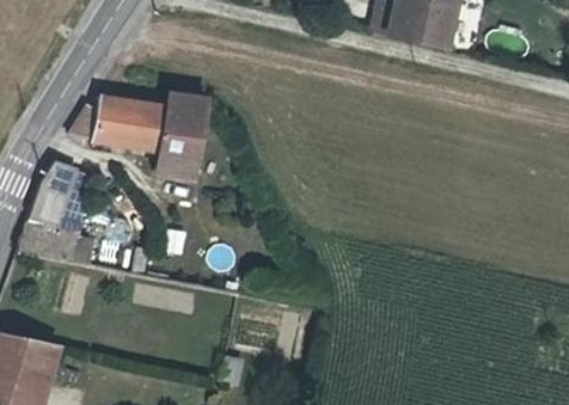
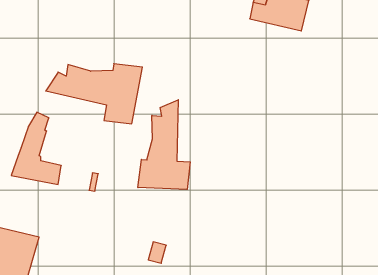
building: none -> [138,100,190,189]

